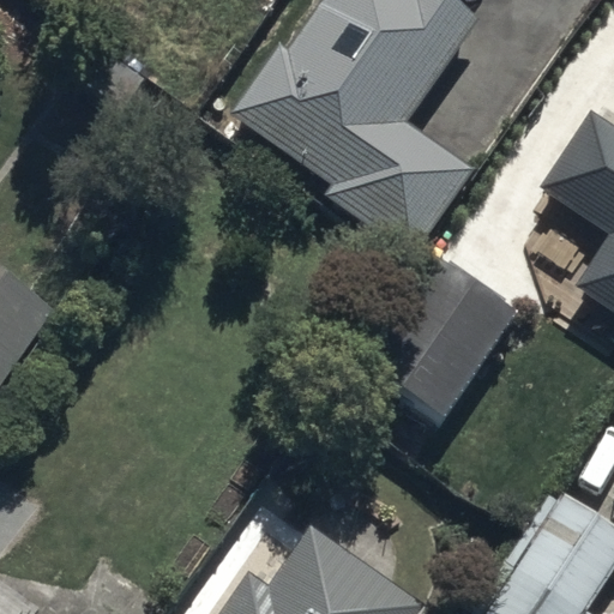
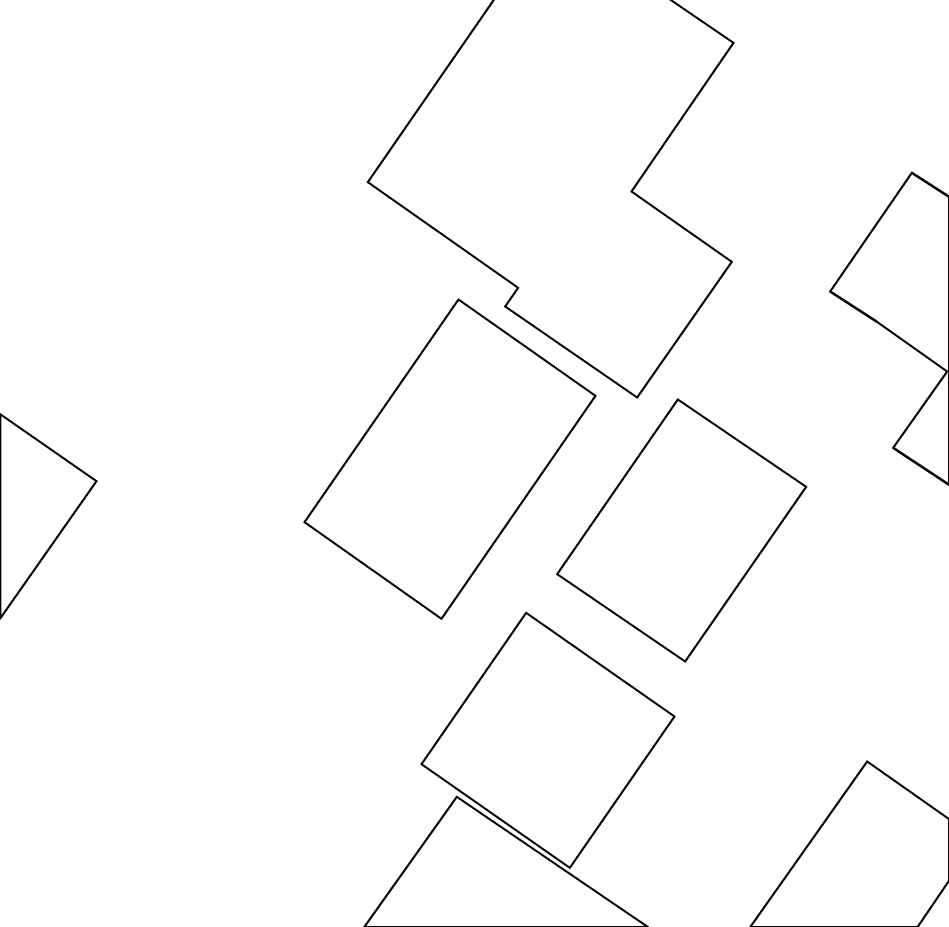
building: none -> [304,299,596,619]
building: none -> [422,613,674,868]

